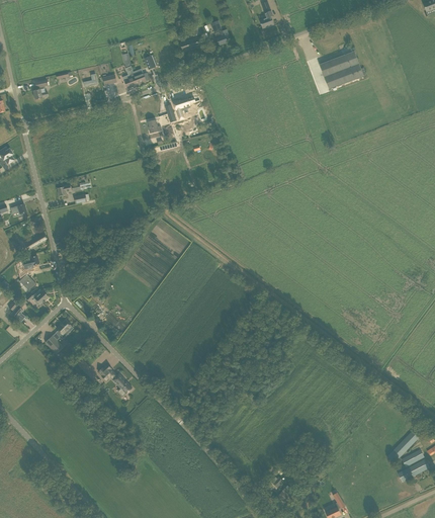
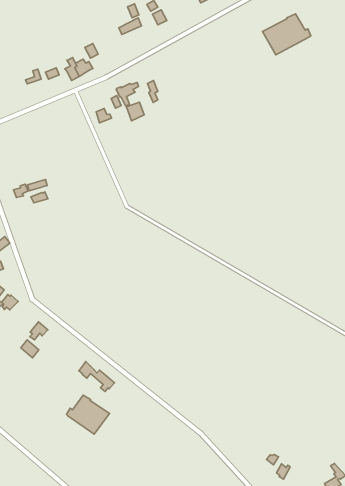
building: none -> [66,395,109,434]

